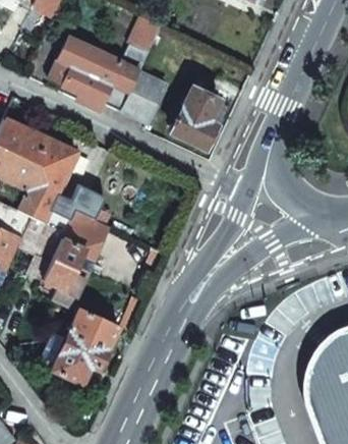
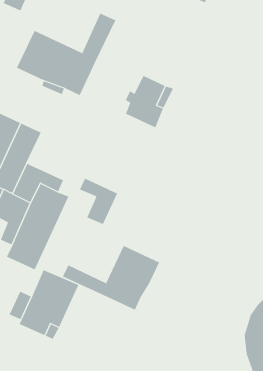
building: [121,71,167,123] -> none
building: none -> [79,178,118,225]
building: none -> [62,245,160,311]

